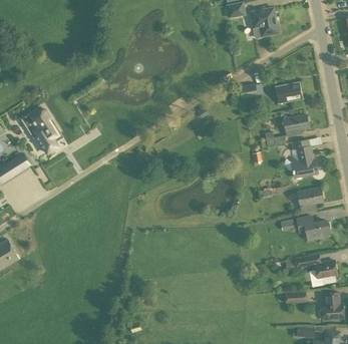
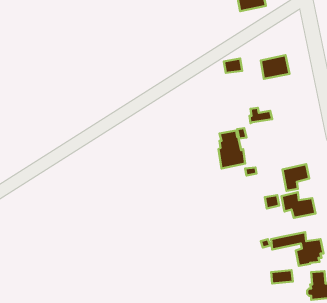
building: [28,110,55,154] -> none
building: [283,113,309,135] -> none
building: [291,139,317,177] -> [219,131,245,169]

